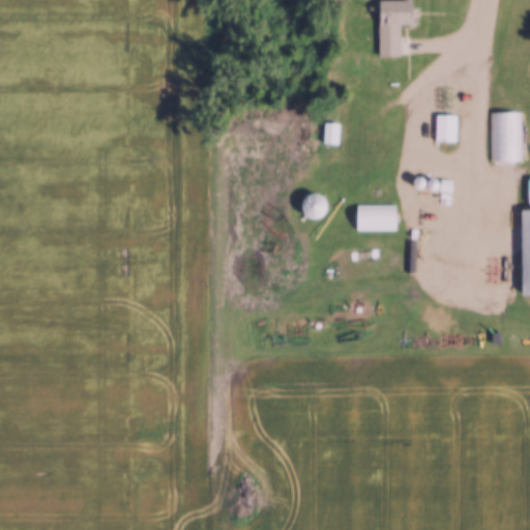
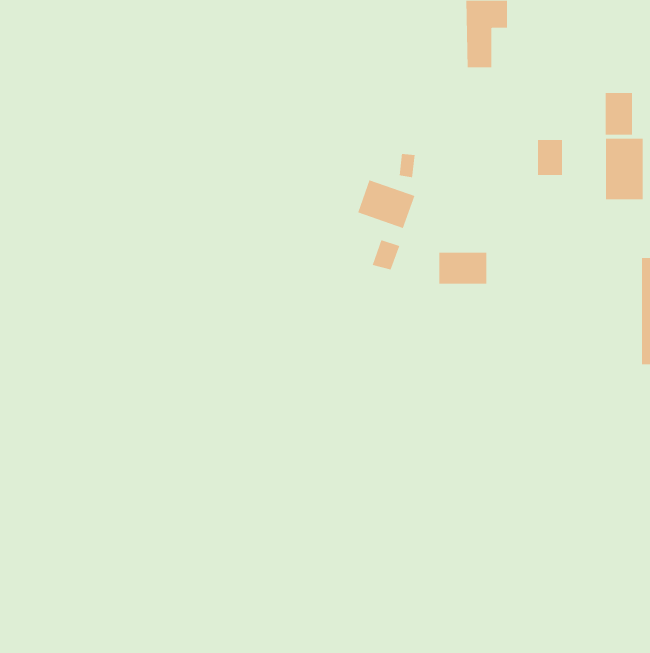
building: none -> [605,92,632,135]
building: none -> [357,179,415,229]

